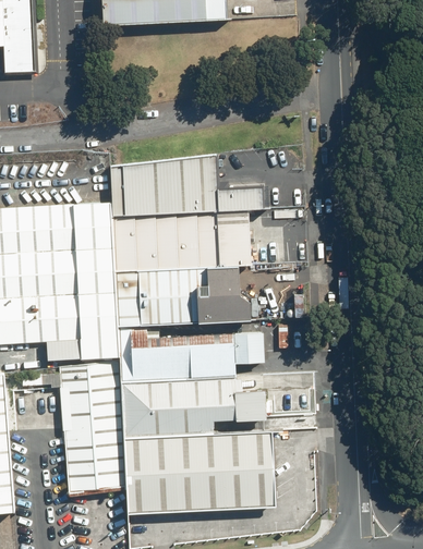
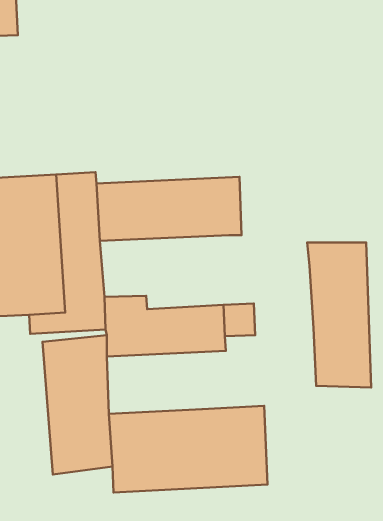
building: [108,154,264,215] -> none
building: [113,265,253,325] -> none
building: none -> [307,243,371,387]
building: [120,377,267,438] -> none

